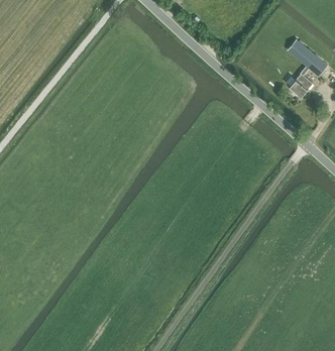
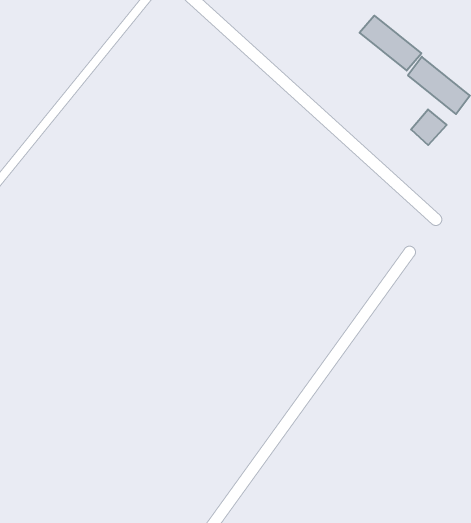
building: none -> [360,16,421,71]

